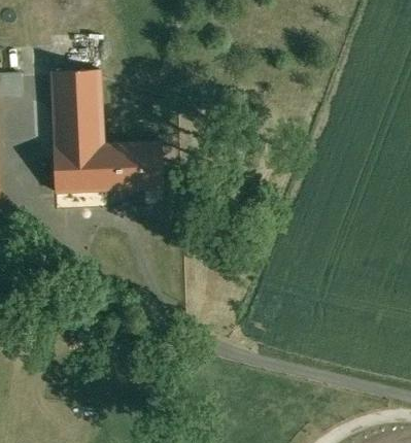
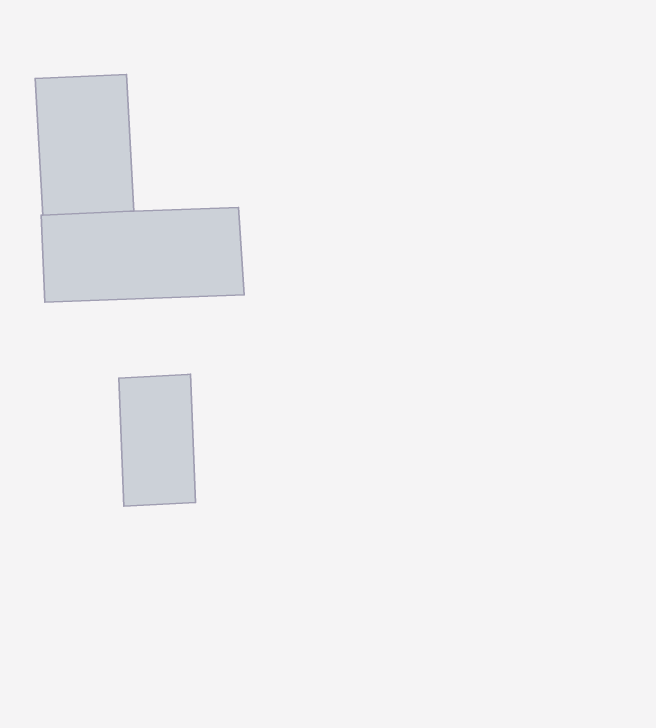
building: none -> [119,374,195,506]

